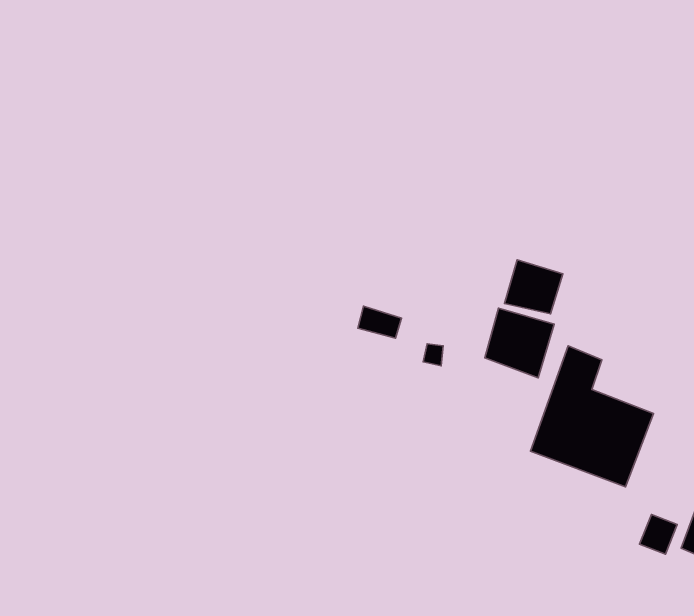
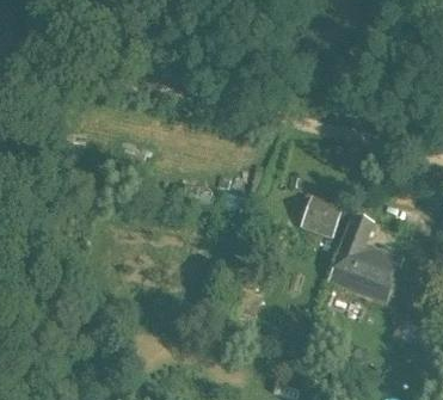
building: [504,260,563,314] -> none

